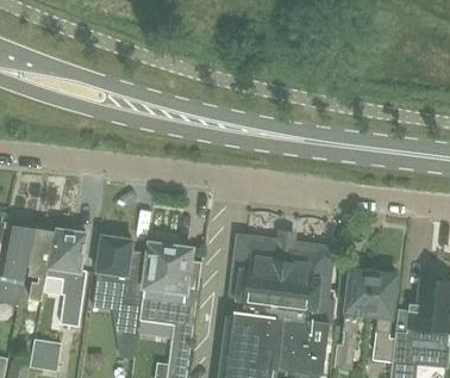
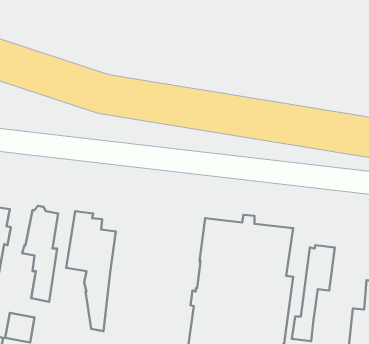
building: [29,227,55,300] -> none
building: [140,243,201,366] -> none
building: [370,269,396,361] -> none

